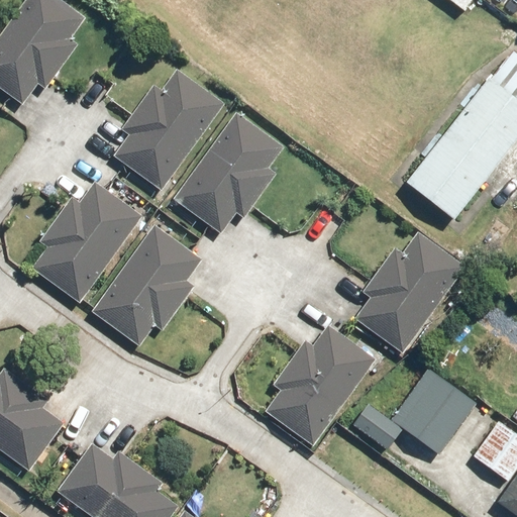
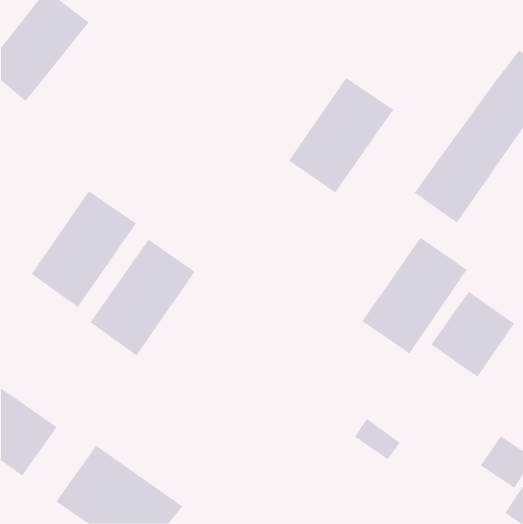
building: [116,71,221,185] -> none
building: [176,115,280,229] -> [288,77,394,193]
building: [263,331,368,446] -> none
building: [394,369,477,453] -> [430,291,515,377]

